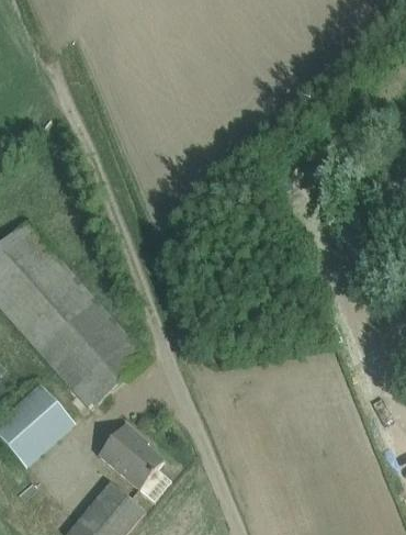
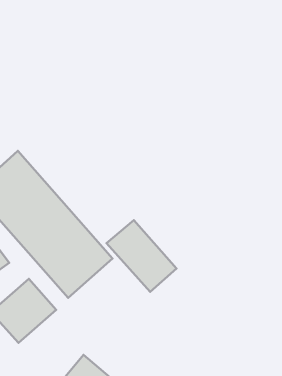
building: none -> [107,220,177,292]
building: [98,421,163,488] -> none

